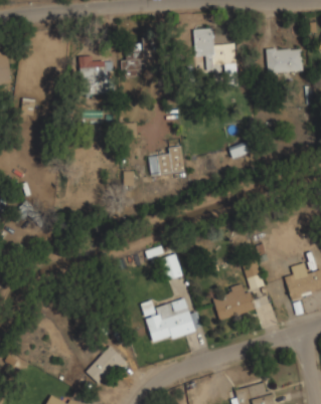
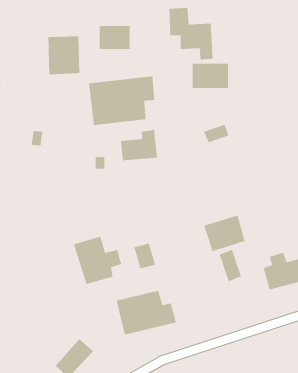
building: [267,47,302,71] -> [192,63,229,88]
building: none -> [89,75,155,126]
building: none -> [73,236,122,285]
building: [211,285,252,321] -> [203,215,246,252]

